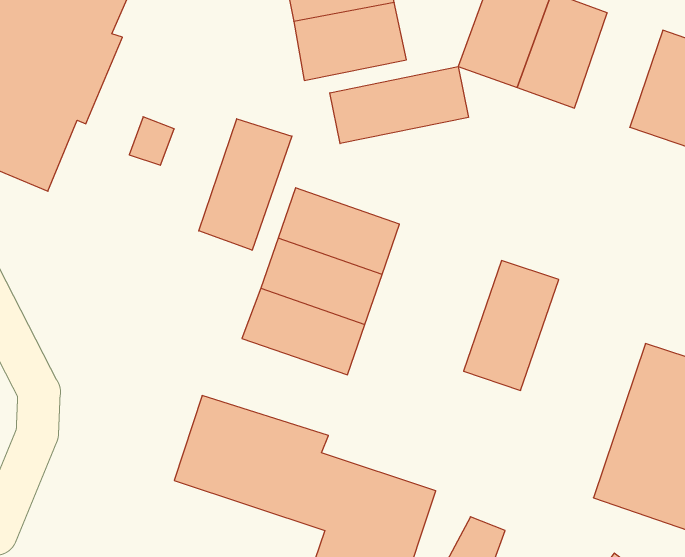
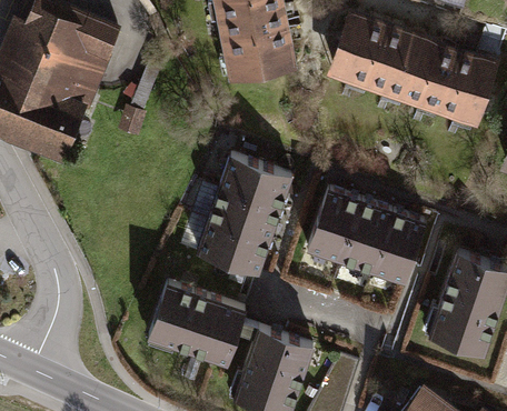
building: none -> [404,39,460,112]
building: [330,67,468,144] -> none
building: [199,119,292,250] -> none
building: none -> [296,184,357,269]
building: none -> [369,210,427,293]

